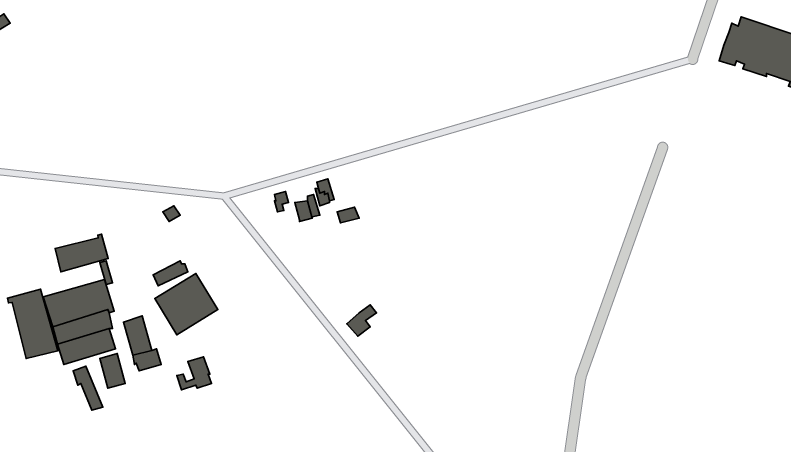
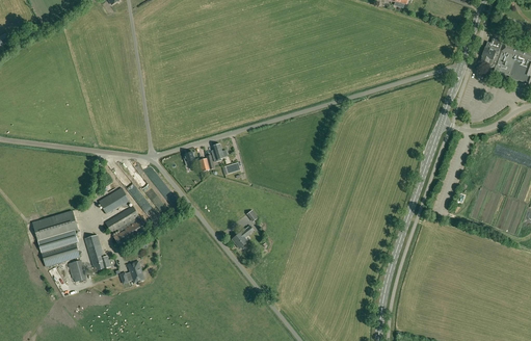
building: [55,234,108,272] -> none
building: [8,289,58,359] -> none

